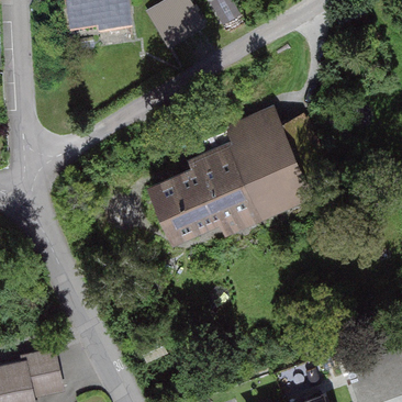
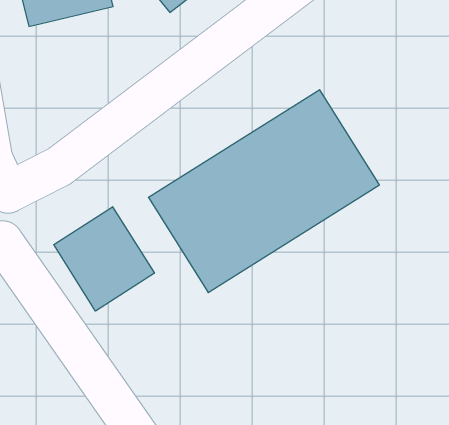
building: none -> [54,207,154,311]

